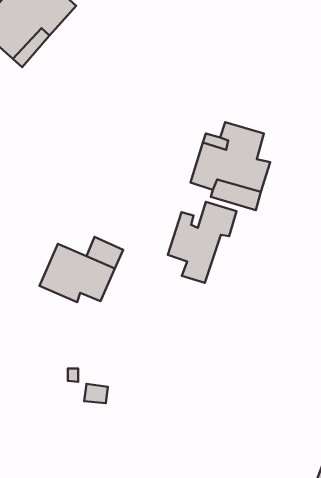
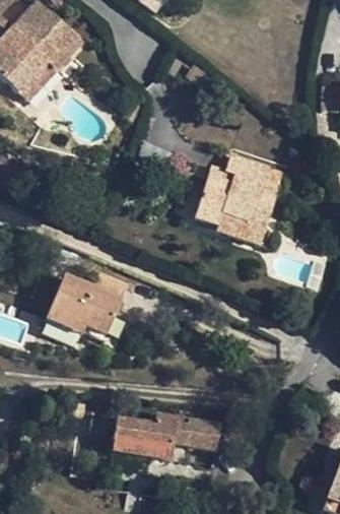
building: [168,202,237,283] -> none
building: none -> [113,410,220,459]

